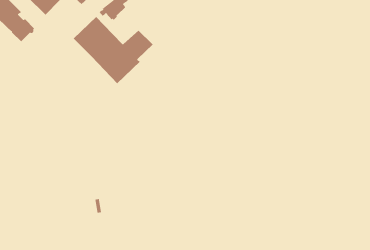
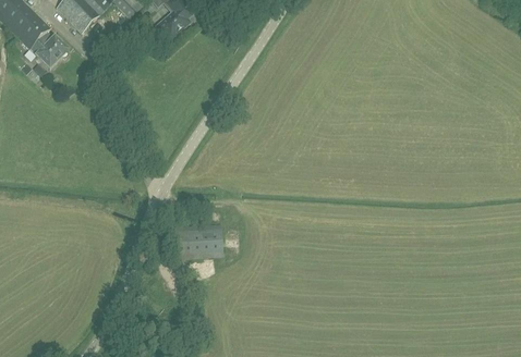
building: [73,16,153,84] -> none
building: none -> [173,224,221,258]

